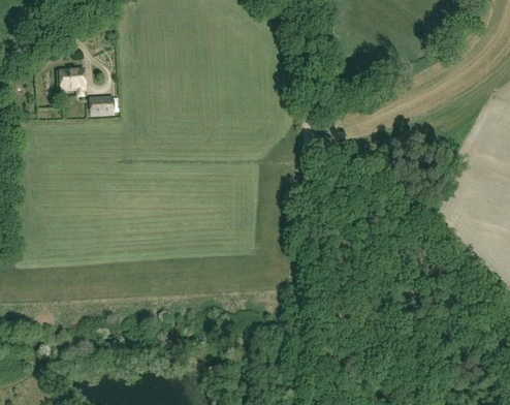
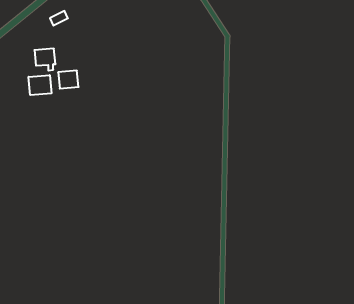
building: none -> [29,75,51,95]

